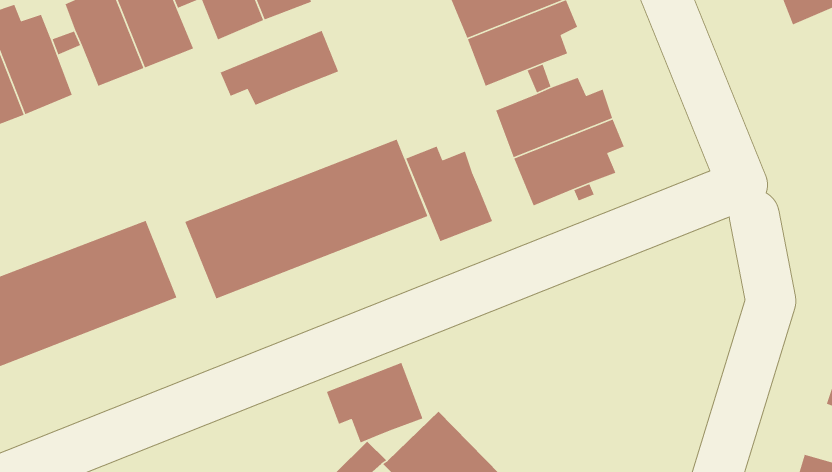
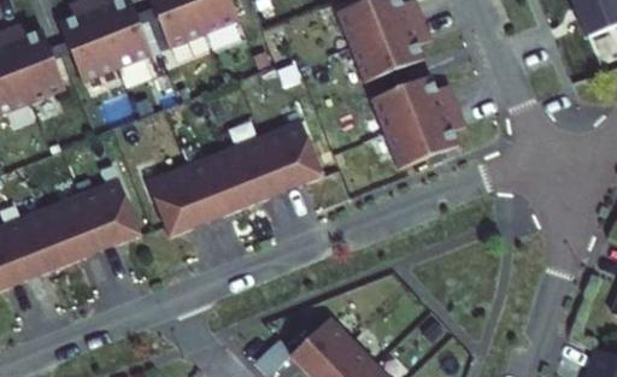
building: [219,30,339,106] -> none
building: [405,145,493,242] -> none
building: [326,362,424,444] -> none

